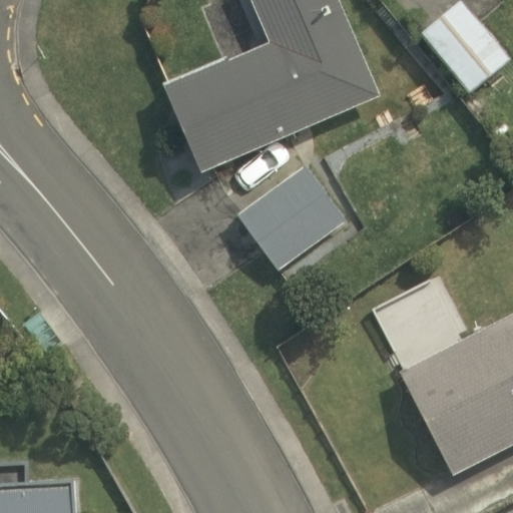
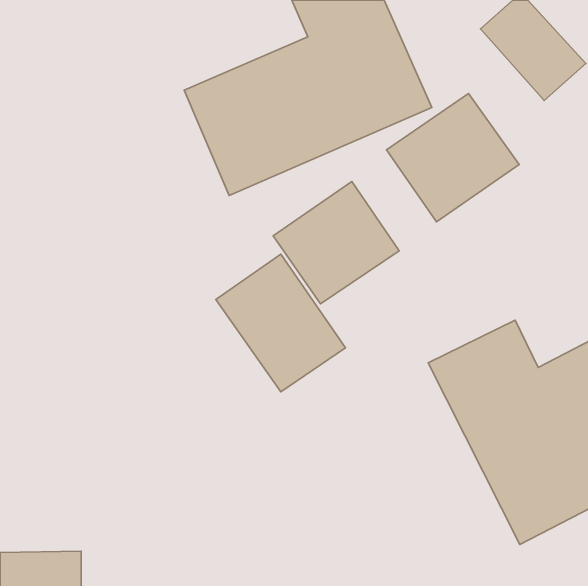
building: none -> [387,93,519,222]
building: none -> [216,254,345,392]

